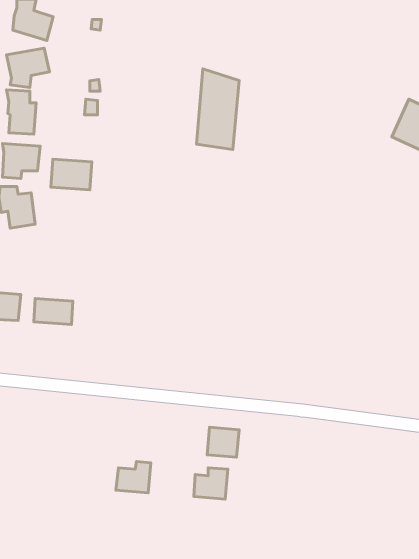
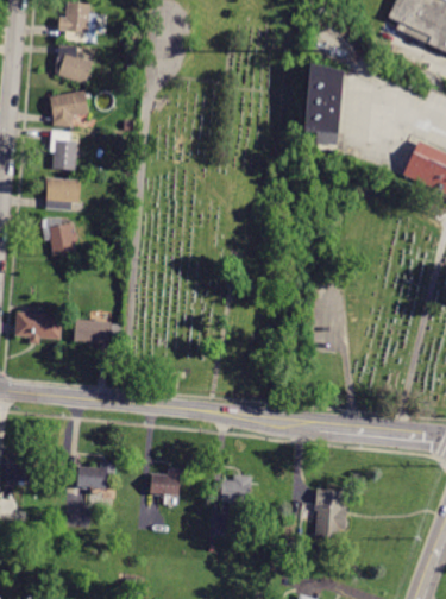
building: [196,69,239,150] -> [304,59,344,133]
building: [51,159,92,190] -> none
building: [207,427,239,457] -> none
building: none -> [76,462,115,490]
building: none -> [314,488,346,538]

